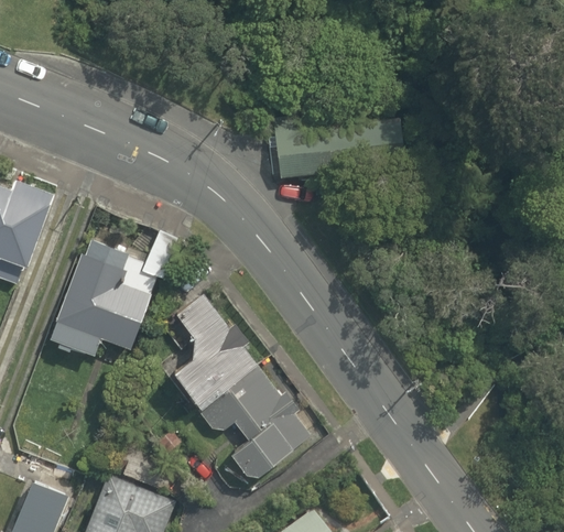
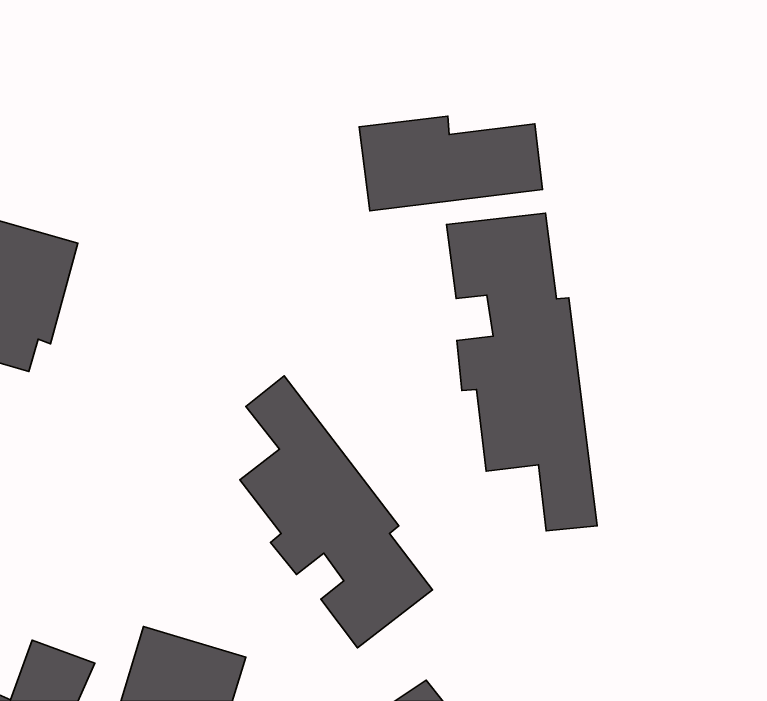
building: none -> [447,213,597,531]
building: [52,227,180,358] -> none

